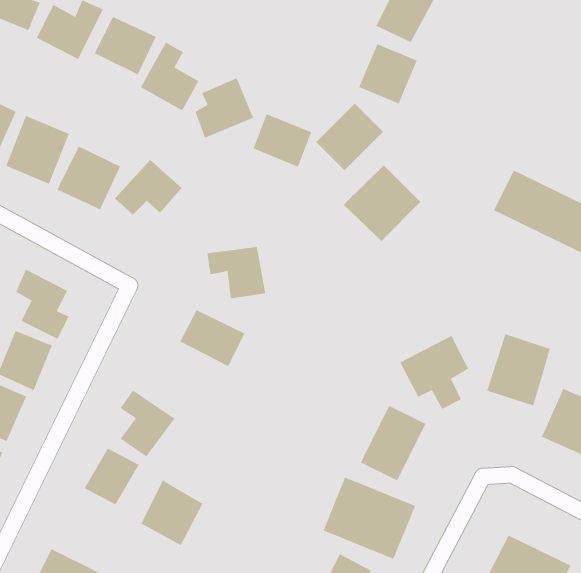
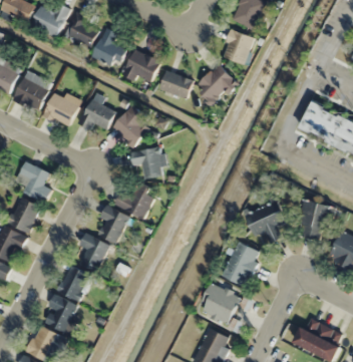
building: [343,165,421,242] -> none
building: none -> [111,104,153,146]
building: none -> [98,206,129,243]
building: [140,480,203,546] -> [42,294,79,333]

